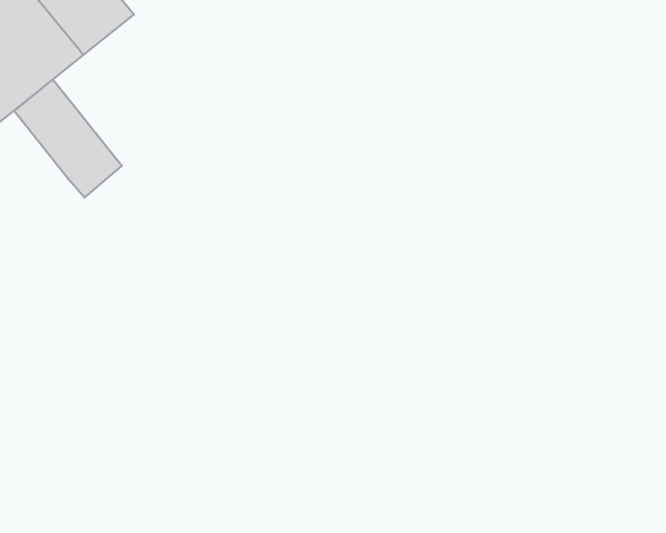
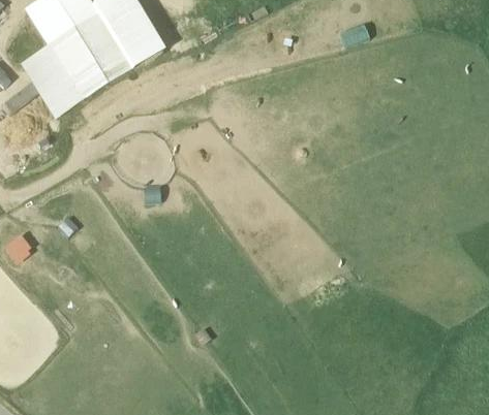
building: [14,79,122,198] -> none

